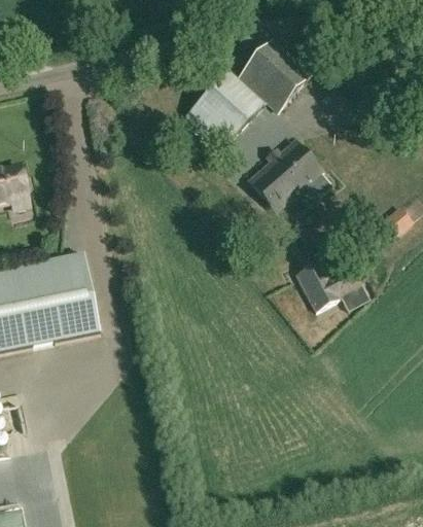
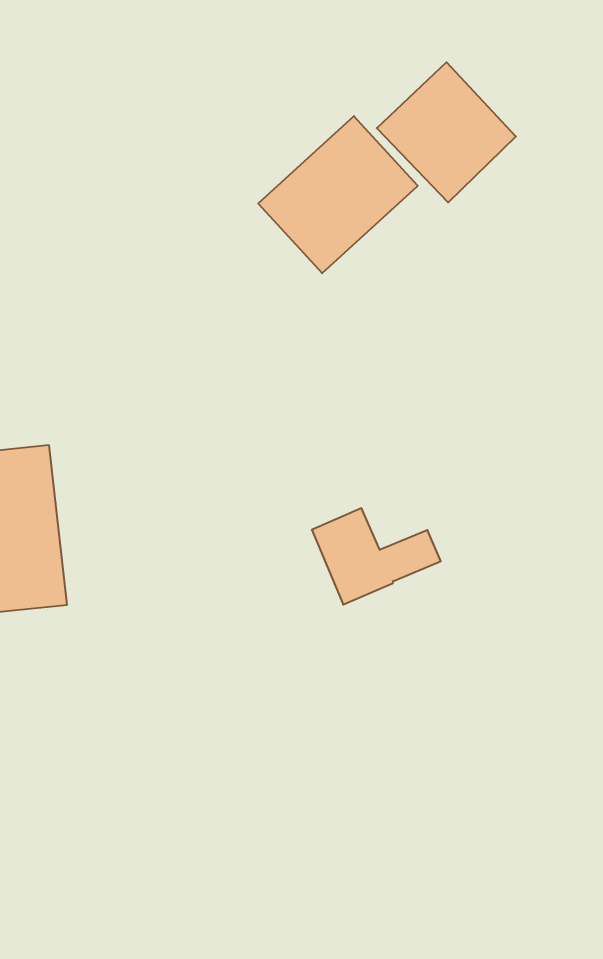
building: [249,142,322,212] -> none
building: [296,260,364,311] -> [312,508,441,605]

